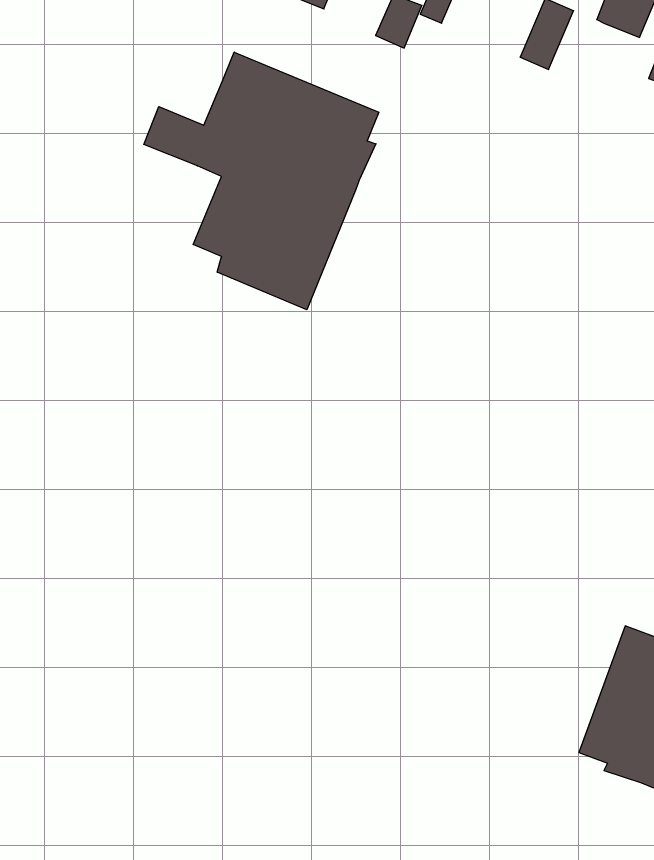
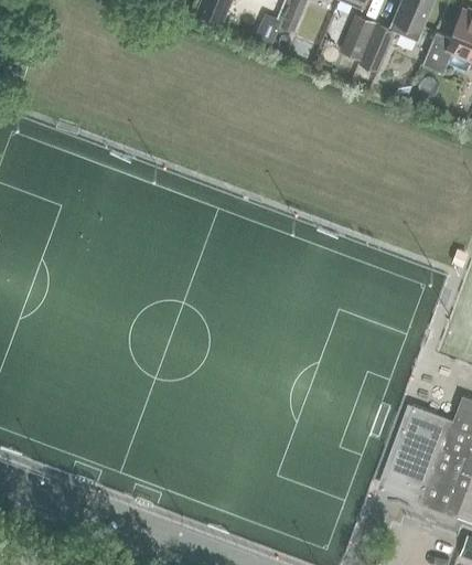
building: none -> [360,23,395,72]
building: [144,52,379,310] -> none

